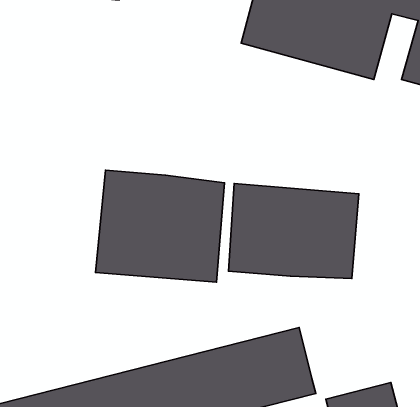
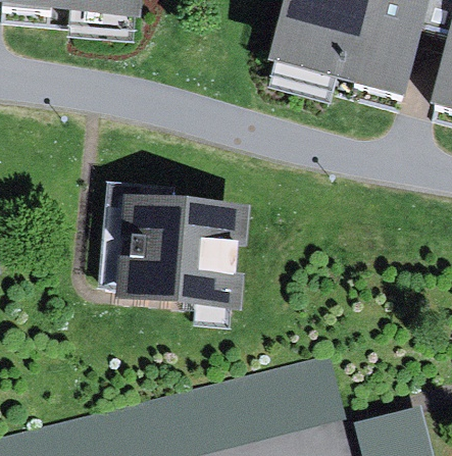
building: [229,184,359,278] -> none

